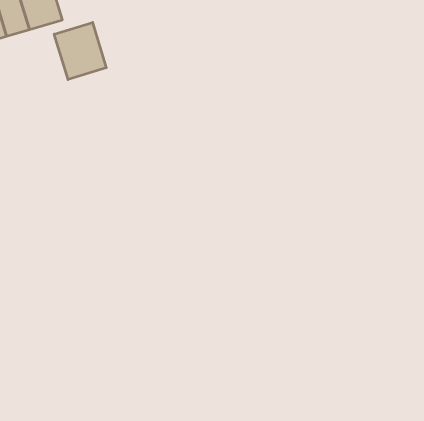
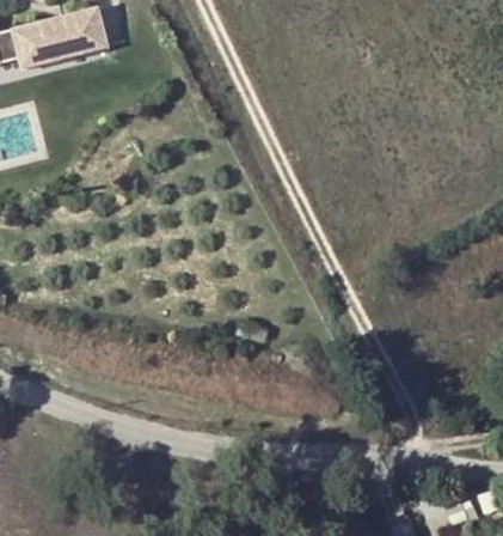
building: [54,22,106,80] -> none

